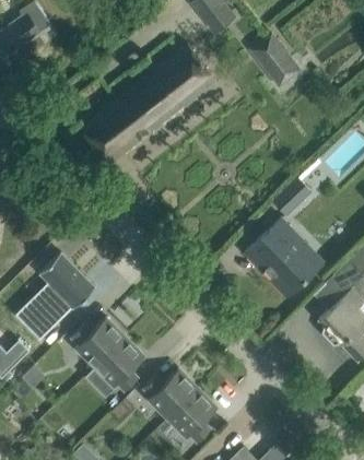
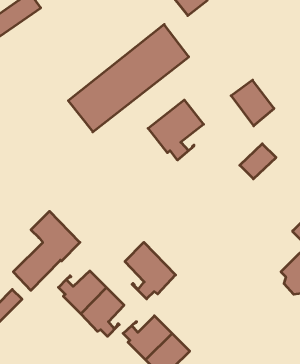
building: [250,33,298,84] -> [231,80,274,126]
building: none -> [148,100,204,160]
building: [245,220,322,297] -> none
building: none -> [125,242,176,299]

